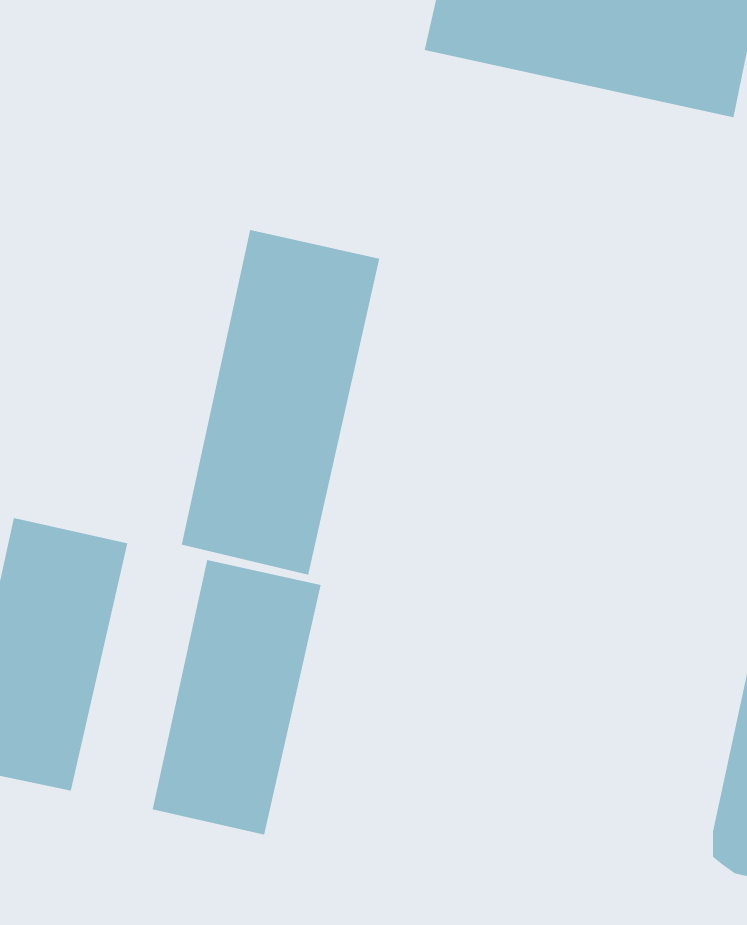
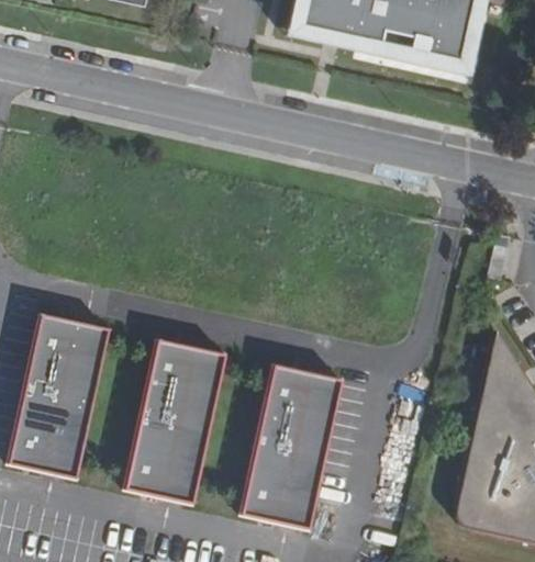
building: [181,229,380,575] -> none
building: none -> [239,363,342,529]

